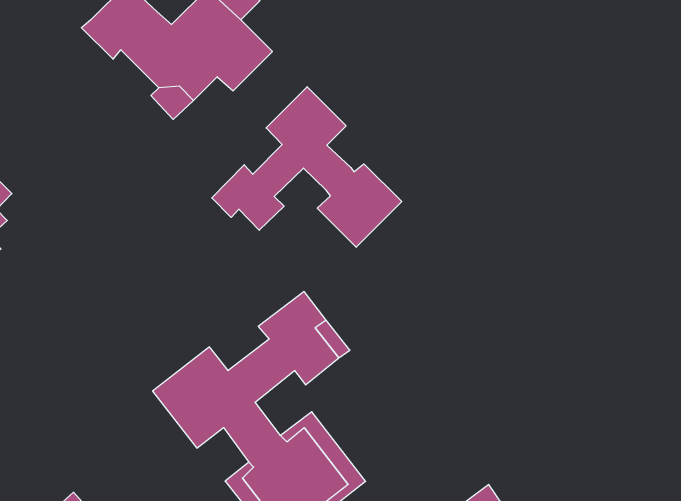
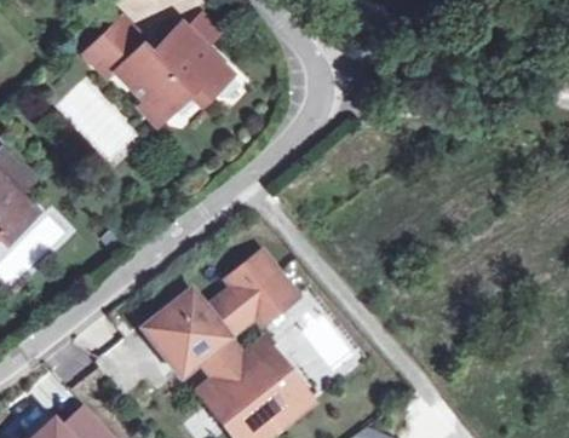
building: [212,87,402,247] -> none

